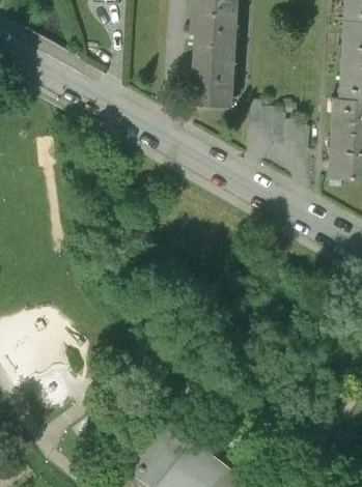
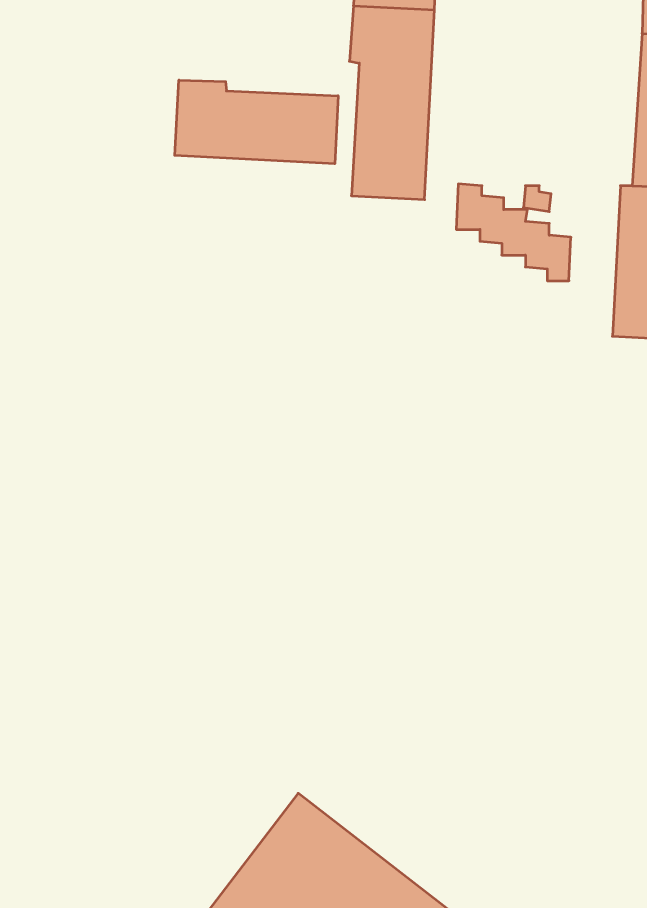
building: none -> [175,80,338,164]

